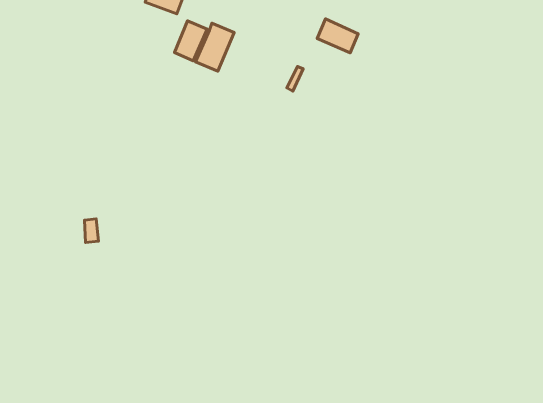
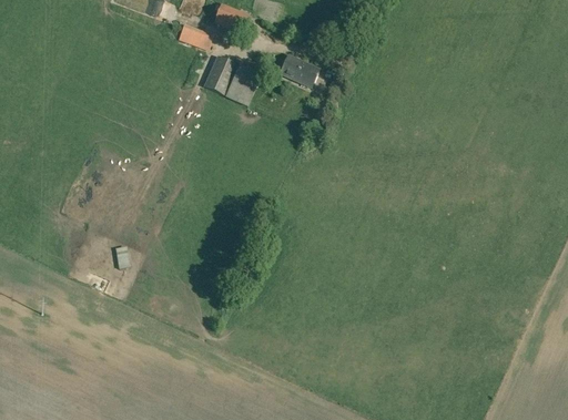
building: [317,19,358,53] -> [280,54,318,86]

